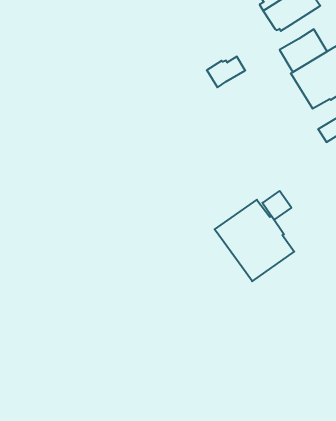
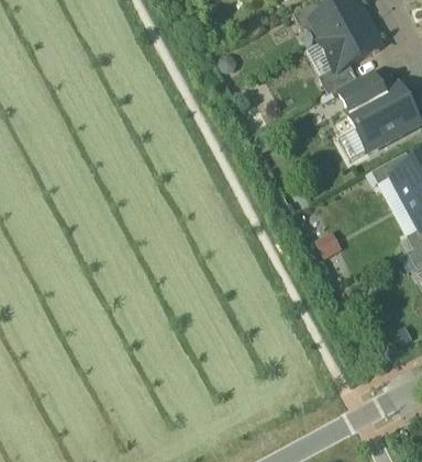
building: [207,57,245,87] -> [319,65,357,94]
building: [215,200,294,281] -> none

